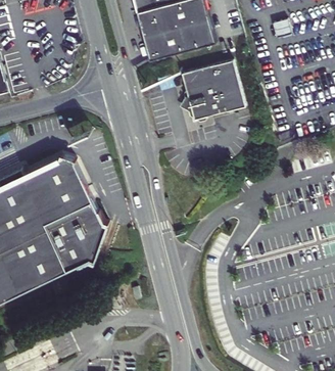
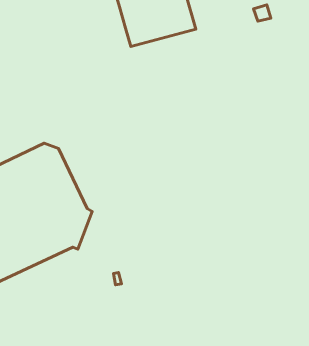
building: [179,59,245,123] -> none

